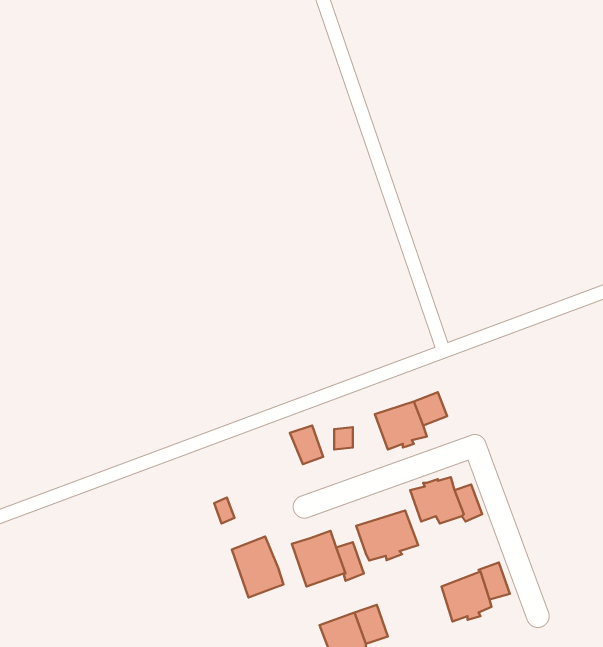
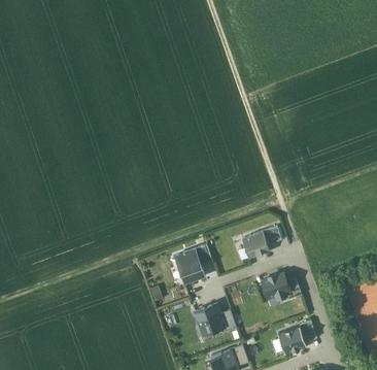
building: [356,511,418,561] -> none
building: [232,537,284,598] -> [174,249,203,283]

